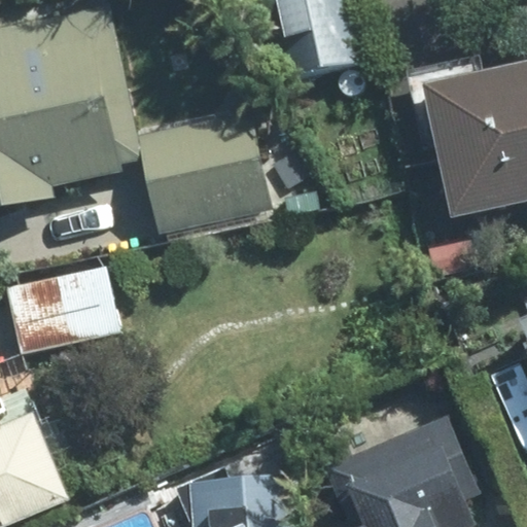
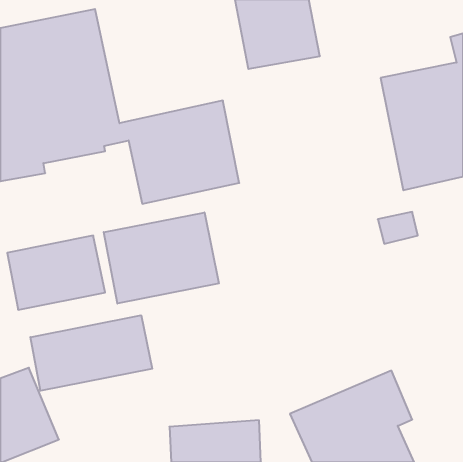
building: none -> [104,212,219,304]
building: none -> [30,315,152,391]

